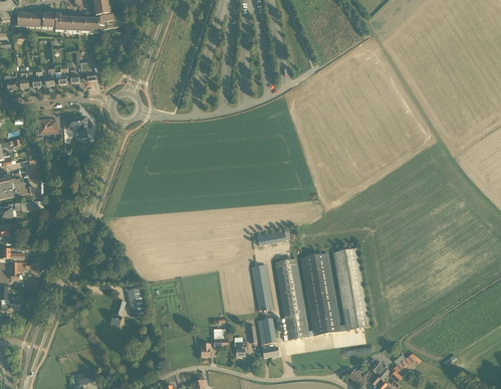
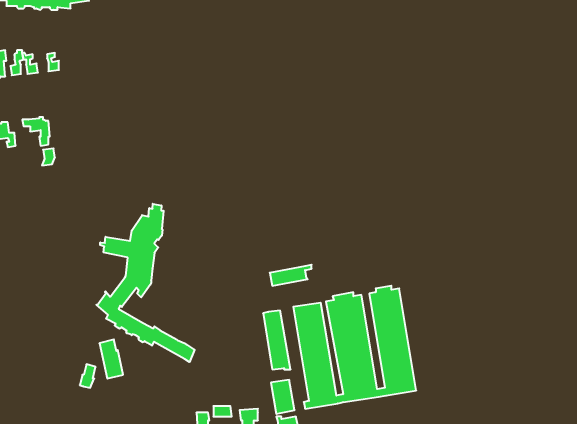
building: none -> [96,204,195,362]

